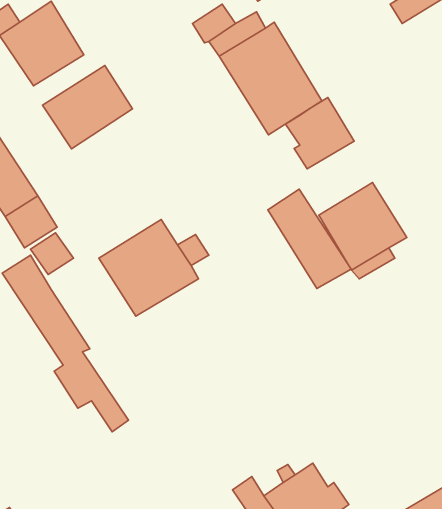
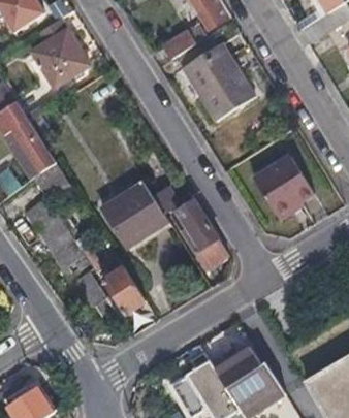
building: [42,66,132,149] -> none
building: [286,97,354,169] -> none
building: [268,189,351,289] -> [171,200,229,269]
building: none -> [101,268,146,315]

